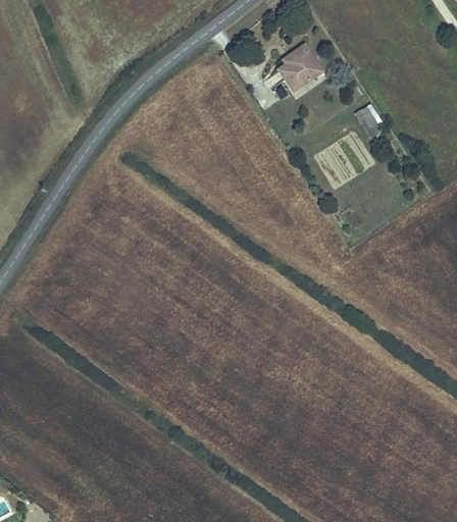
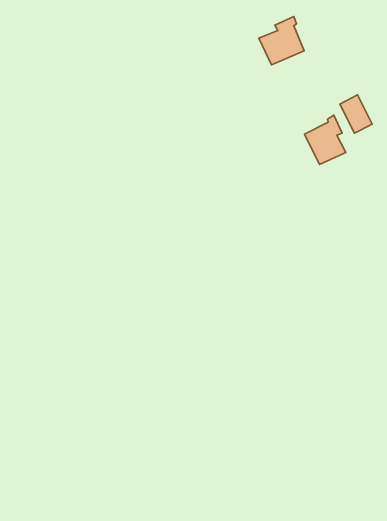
building: none -> [304,115,346,164]

